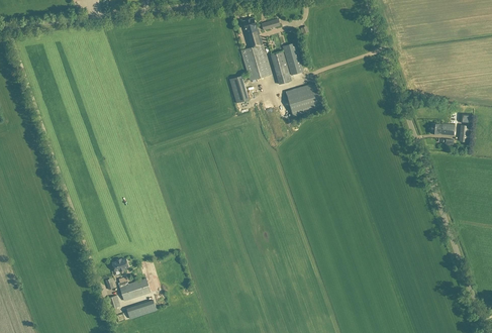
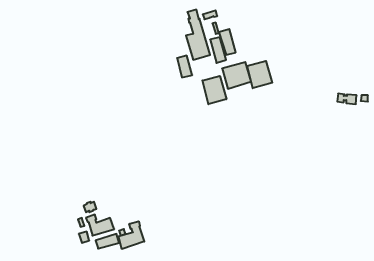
building: none -> [247,61,272,88]
building: none -> [202,76,226,104]
building: none -> [118,221,144,249]

